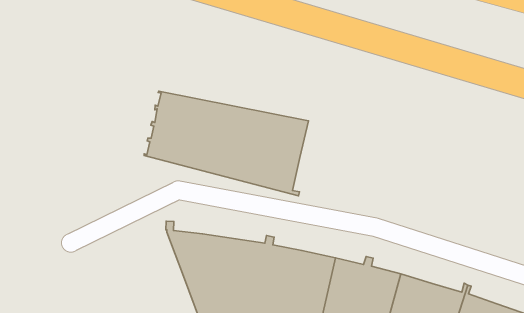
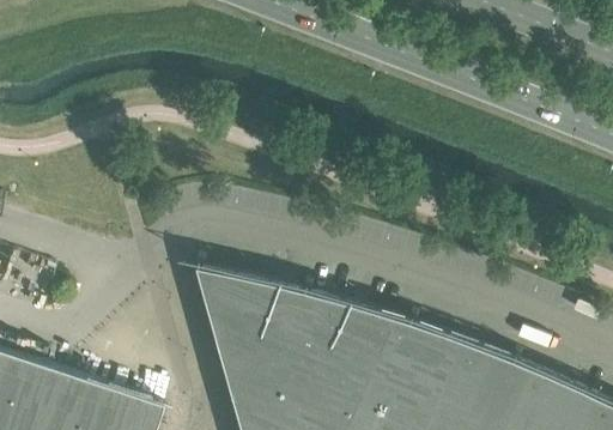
building: [144,91,308,196] -> none

